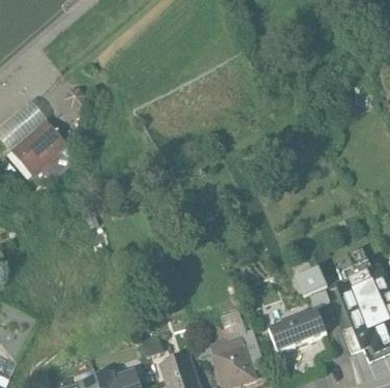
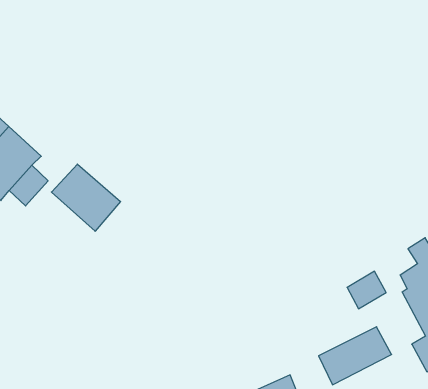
building: none -> [51,164,121,231]

